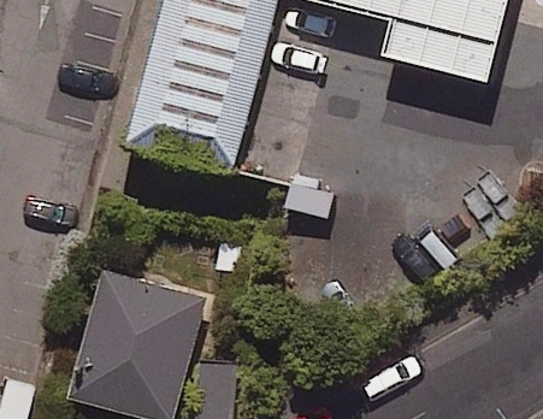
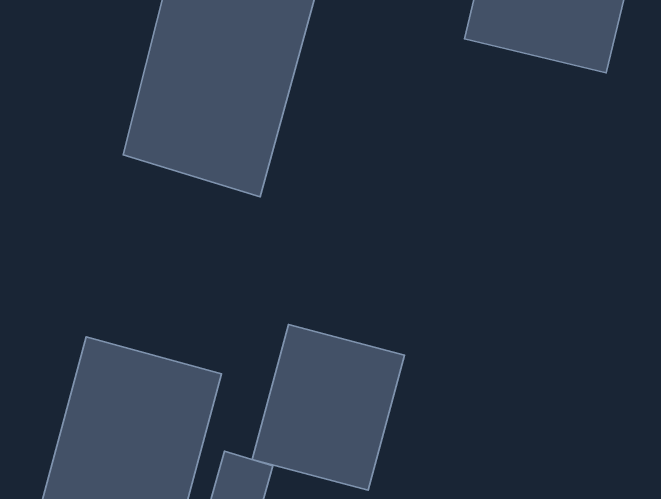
building: none -> [252,324,404,490]

